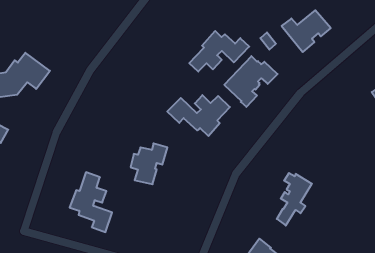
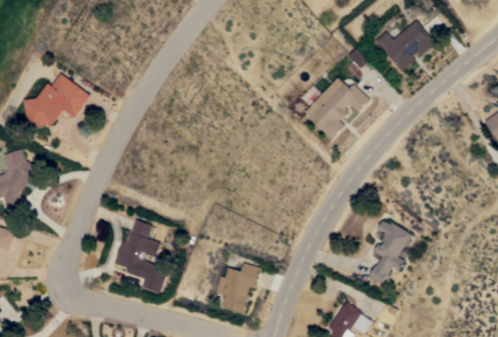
building: [189,31,249,72] -> none
building: [167,95,230,136] -> none
building: [131,143,167,184] -> [216,263,262,313]

